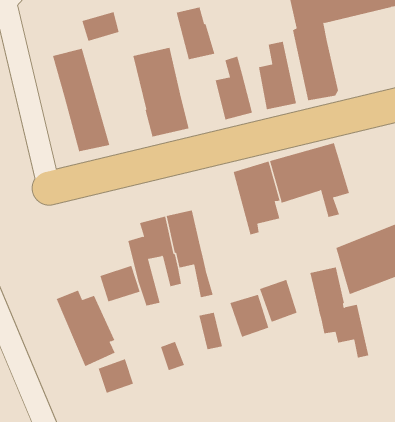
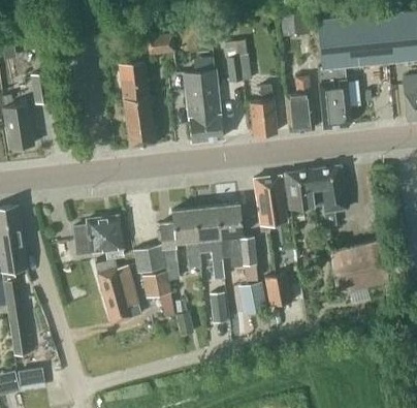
building: none -> [73,216,125,259]
building: [310,267,369,358] -> [217,203,257,281]
building: [98,359,134,394] -> [142,271,170,297]

